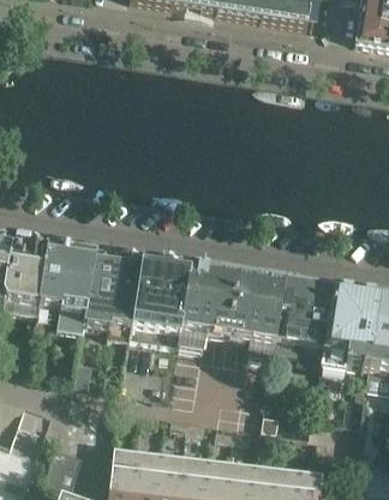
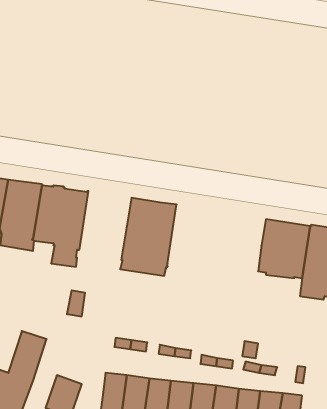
building: [85,251,144,337] -> none
building: [180,265,287,356] -> none

